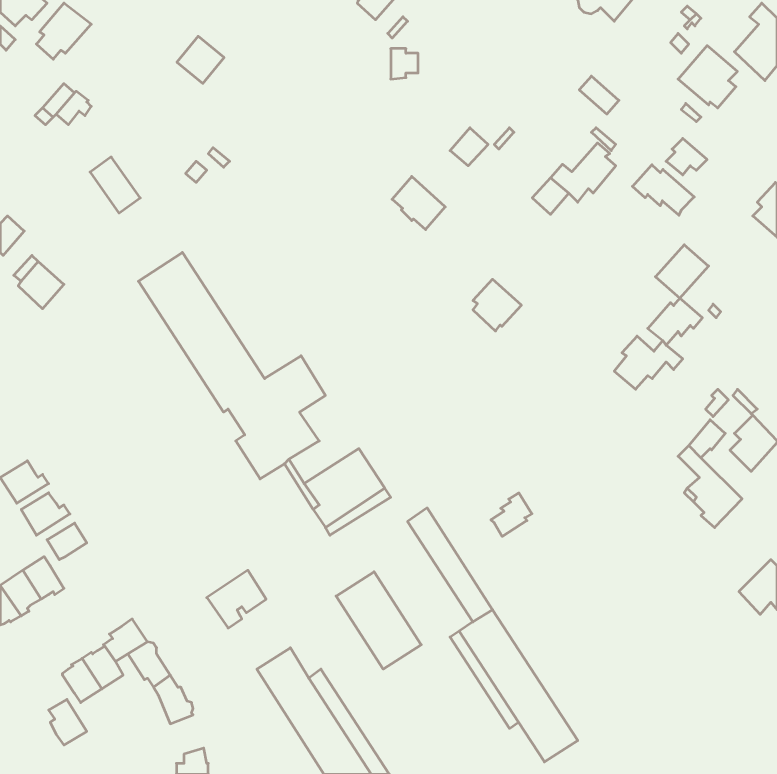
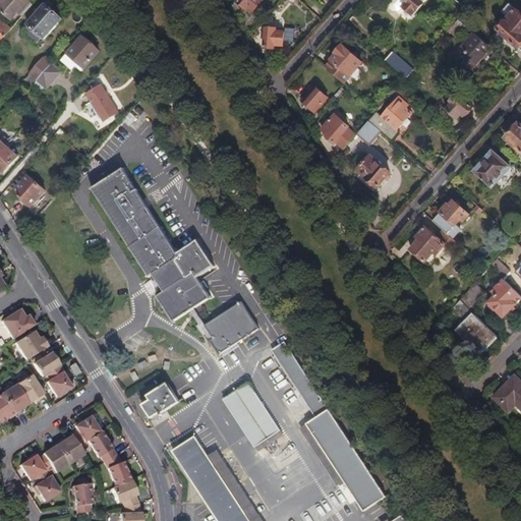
building: [177,36,224,83] -> [66,35,98,66]
building: none -> [326,44,361,81]
building: [90,157,140,213] -> [86,82,120,120]
building: [632,165,694,215] -> none
building: [392,176,445,230] -> [320,114,355,150]
building: [655,245,709,298] -> [476,149,512,184]
building: [473,279,521,331] -> [356,157,389,191]
building: [491,493,532,536] -> none
building: none -> [44,363,70,396]
building: none -> [18,452,50,478]
building: none -> [110,478,136,505]
building: none -> [69,480,91,511]

